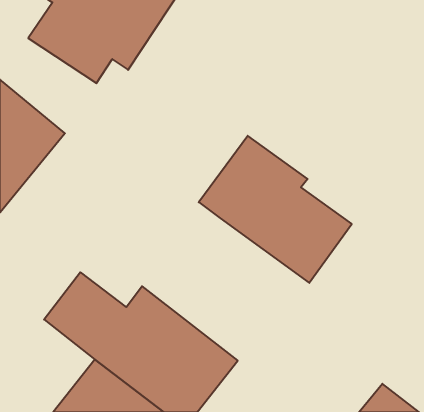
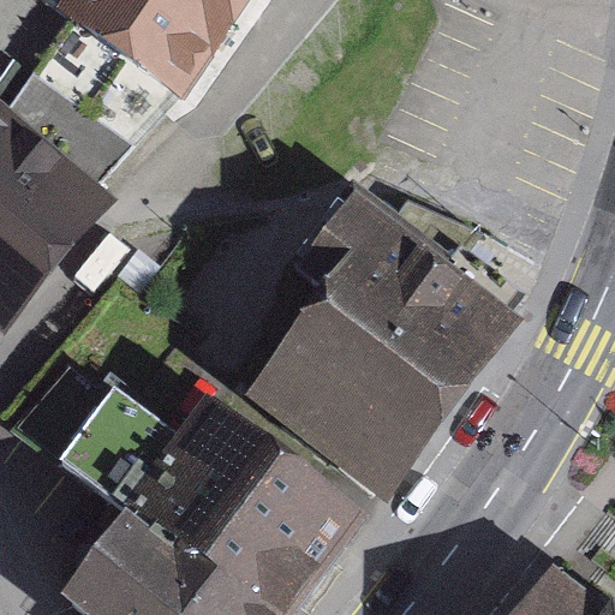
building: none -> [257,315,447,490]

